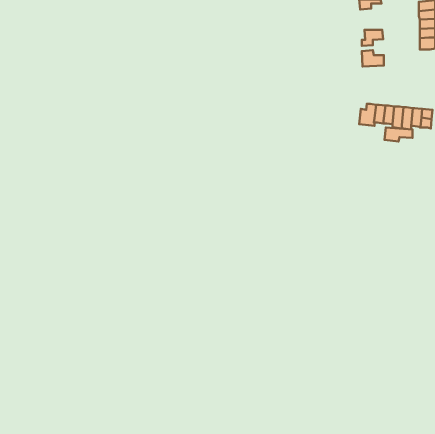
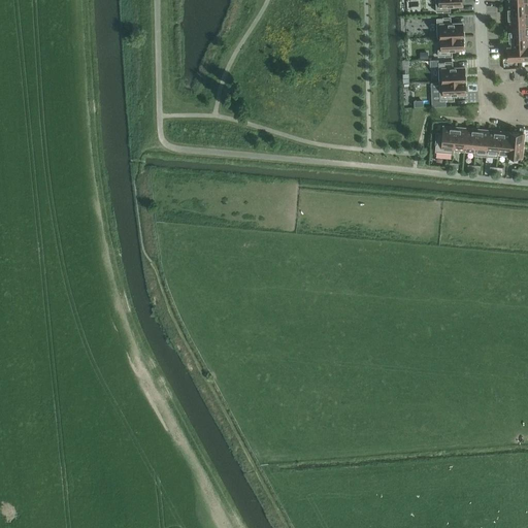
building: none -> [437,16,463,37]
building: none -> [439,79,466,99]
building: [384,127,413,141] -> none

